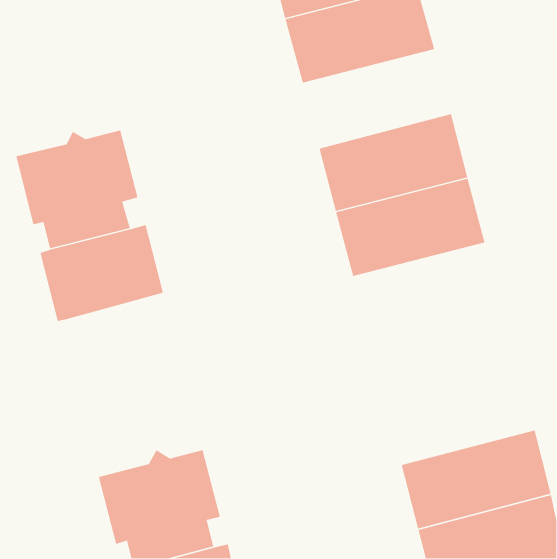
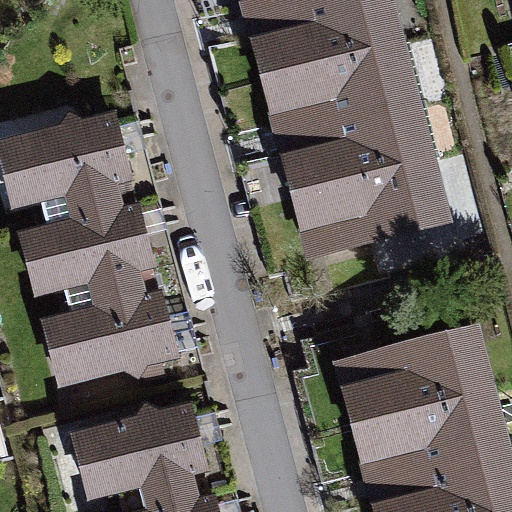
building: none -> [275,45,411,135]
building: none -> [58,271,171,379]
building: none -> [350,333,487,423]

